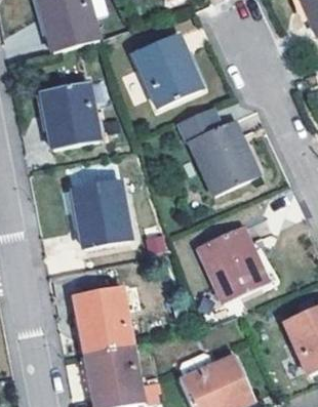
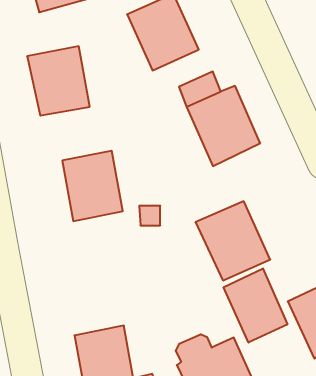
building: [76,285,131,353] -> none
building: none -> [224,268,287,343]

